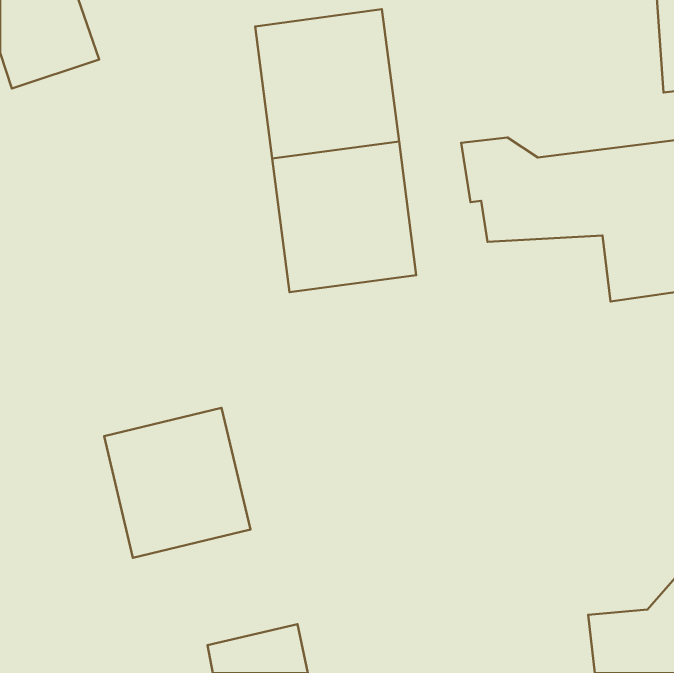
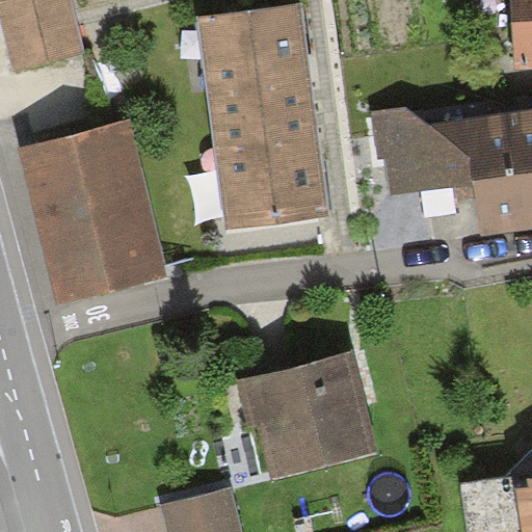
building: none -> [18,124,157,302]
building: [104,408,250,558] -> none
building: none -> [242,356,375,474]

